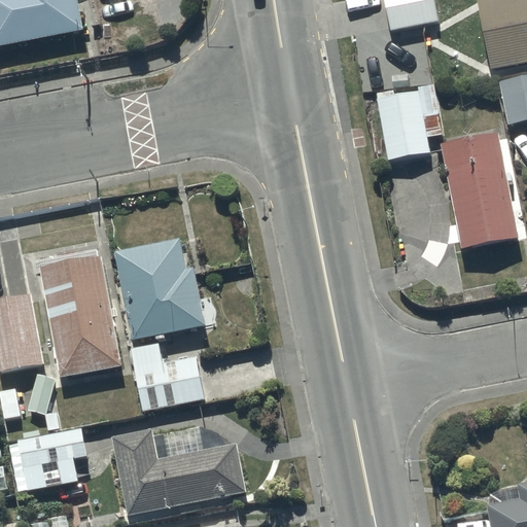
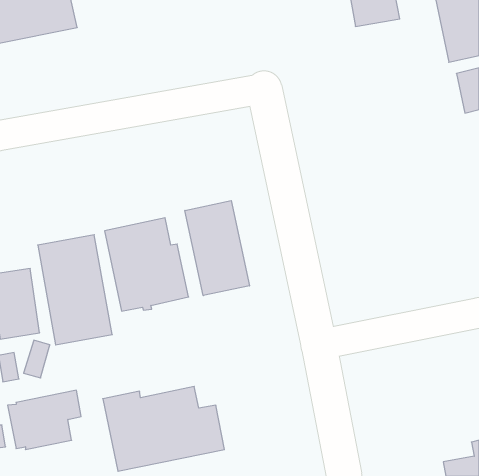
building: [374,82,443,160] -> none
building: [438,132,518,249] -> none
building: none -> [185,201,249,296]
building: [130,341,206,410] -> none

